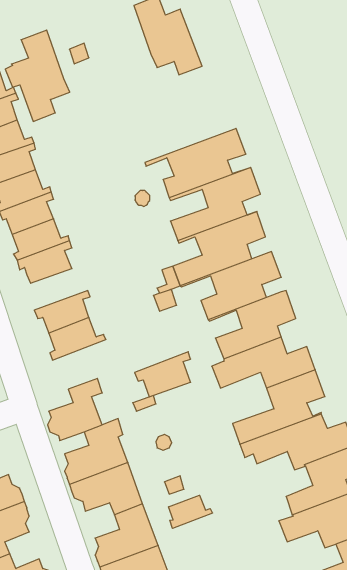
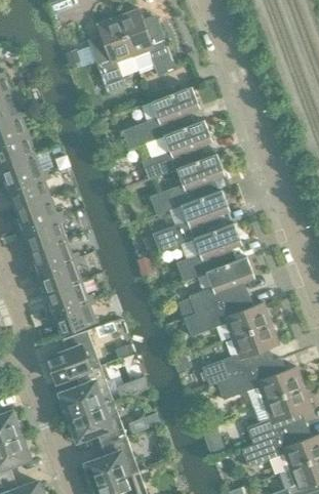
building: [5,30,70,121] -> [83,15,137,92]
building: none -> [121,86,199,148]
building: none -> [31,237,79,272]
building: [135,352,191,397] -> [49,296,96,334]
building: [169,495,213,528] -> none

